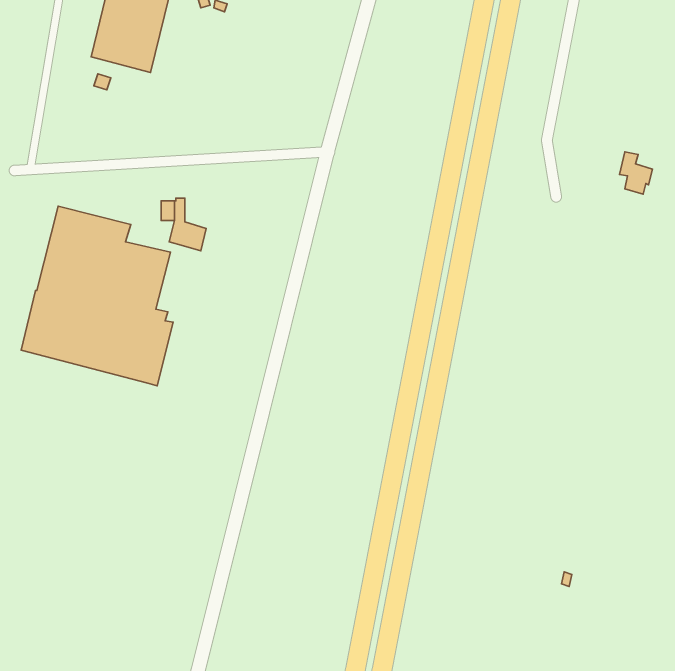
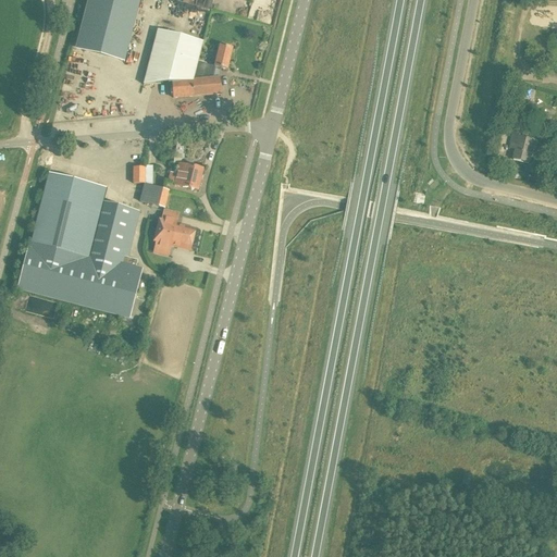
building: none -> [144,28,233,96]
building: none -> [168,161,203,188]
building: none -> [152,207,196,256]

